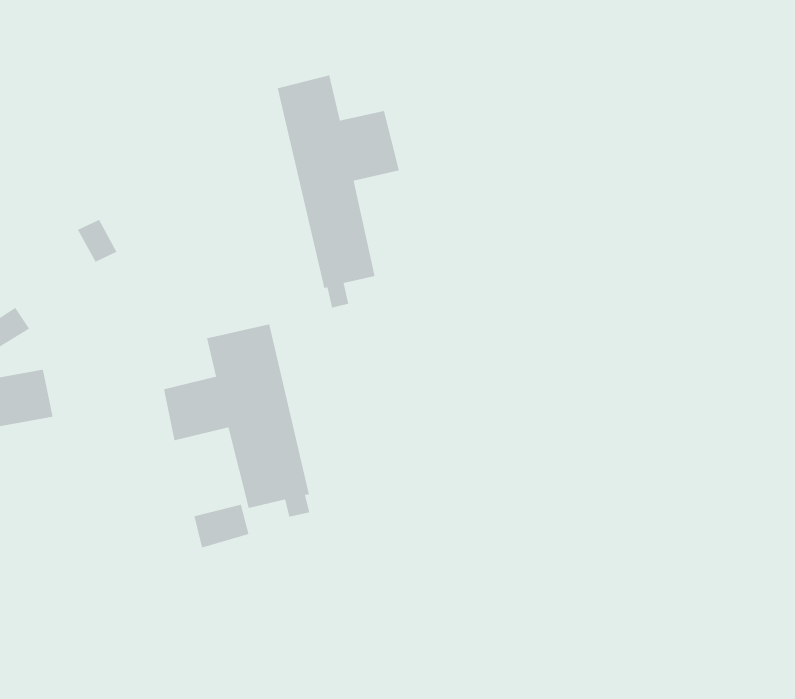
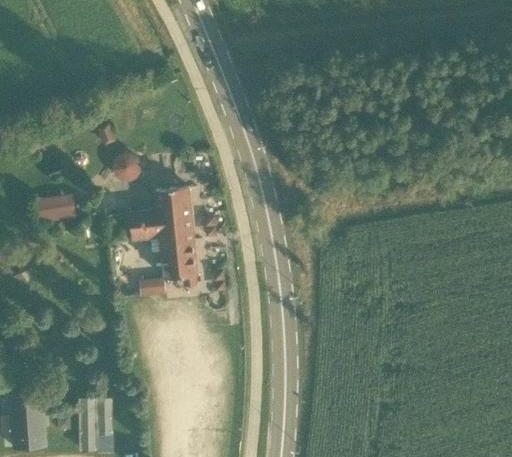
building: [277,74,400,308] -> none
building: none -> [113,153,143,183]

